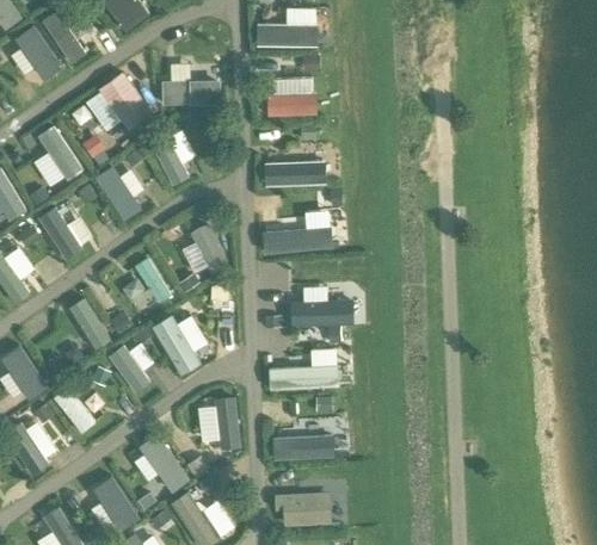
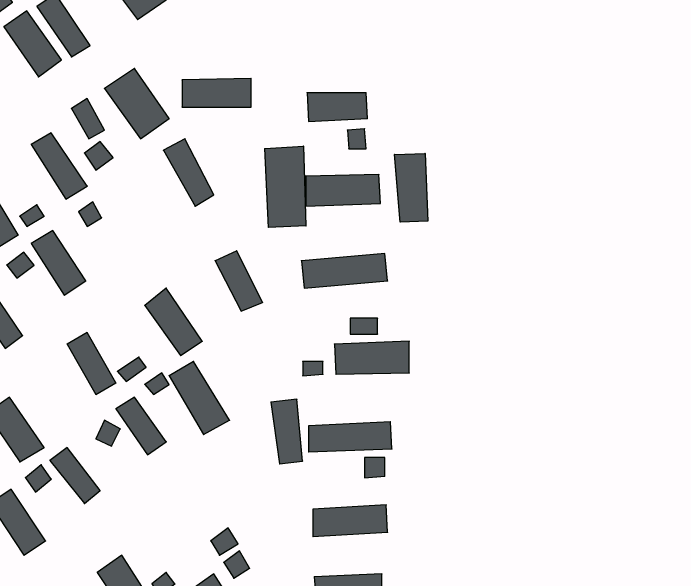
building: [257,23,318,47] -> none
building: none -> [265,146,306,227]
building: none -> [395,153,428,222]
building: [96,166,142,221] -> none
building: [214,397,240,451] -> [271,399,303,464]
building: [139,434,190,494] -> none

